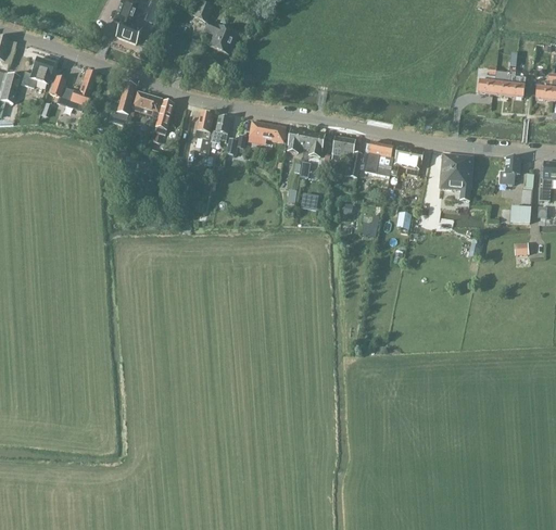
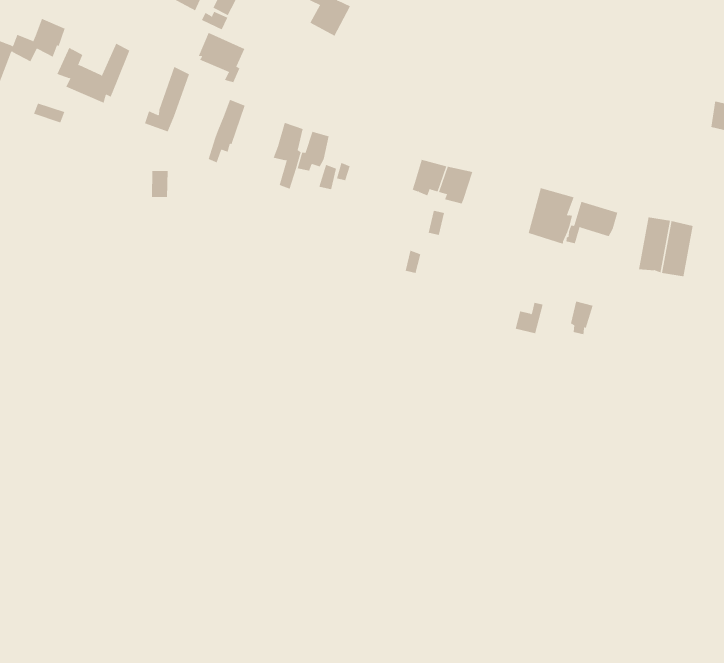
building: [131,91,162,123] -> [198,32,245,83]
building: [249,122,287,143] -> none
building: [332,137,362,178] -> none

